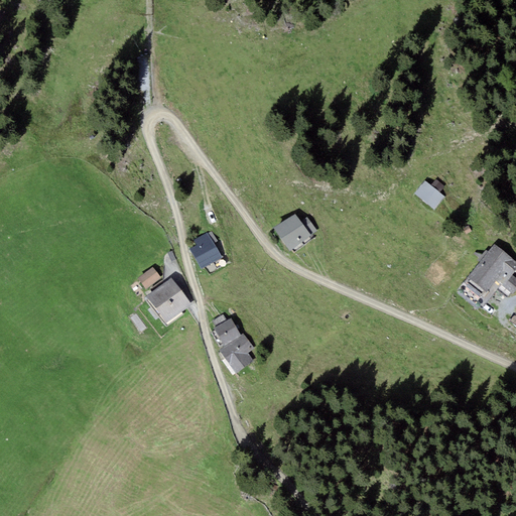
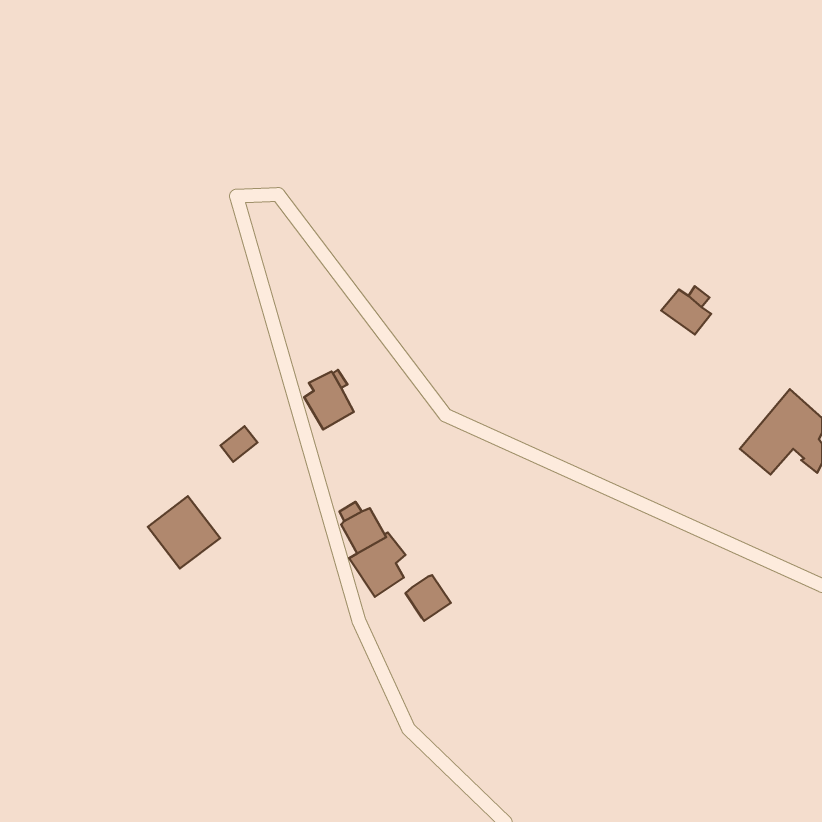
building: [274,213,316,250] -> none
building: [146,277,191,322] -> [148,496,220,569]
building: none -> [406,575,451,621]

